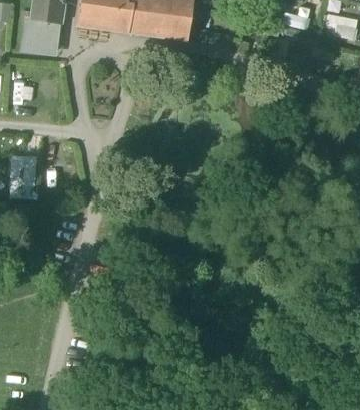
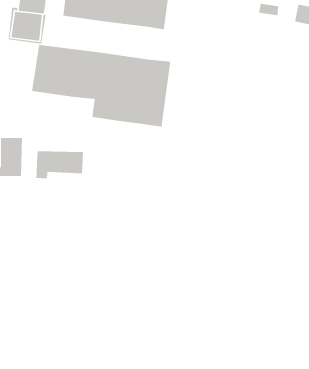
building: none -> [31,44,171,128]
building: none -> [35,151,84,179]

